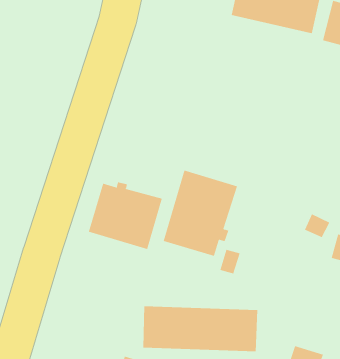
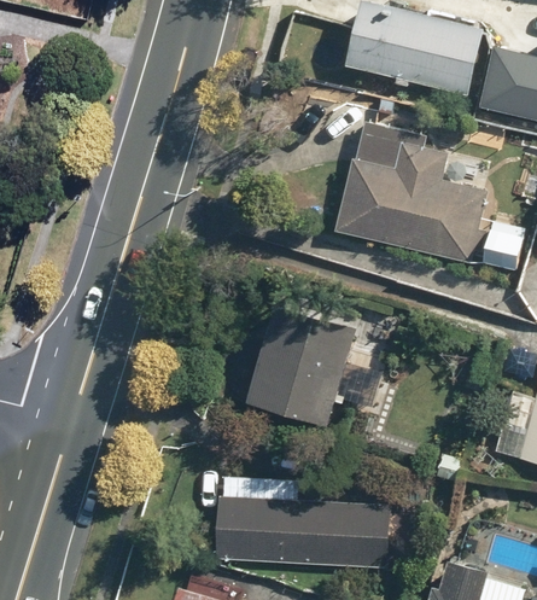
building: none -> [331,123,488,264]
building: [88,181,163,250] -> none

